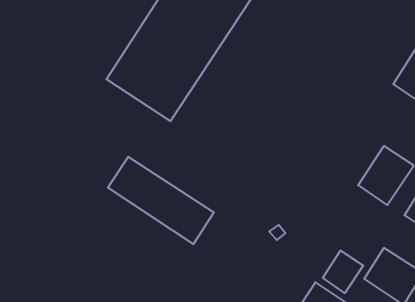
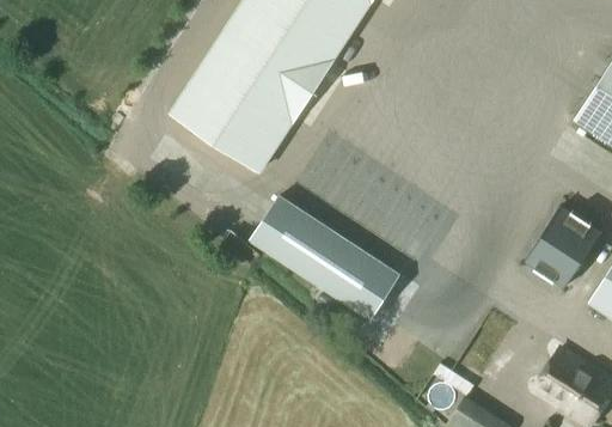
building: [108,157,214,244] -> [250,196,398,318]
building: [323,250,363,293] -> none

